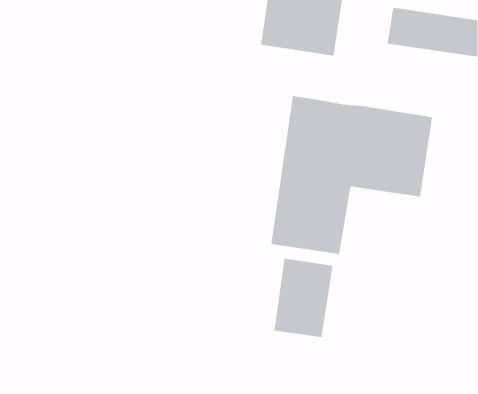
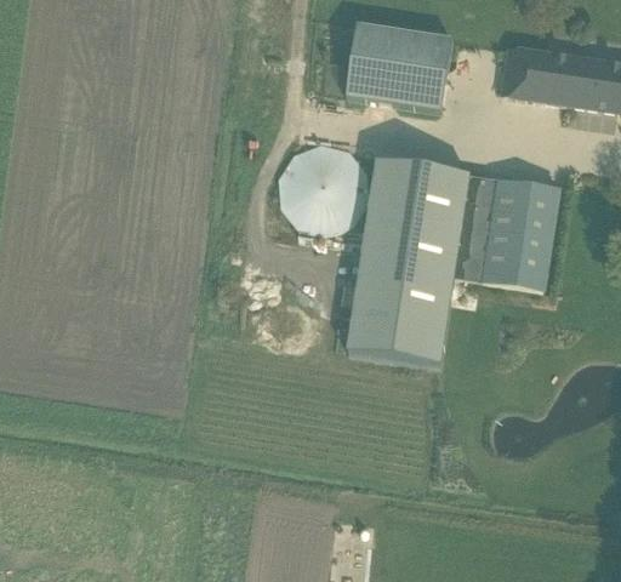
building: none -> [285,143,368,233]
building: [274,258,333,338] -> none

